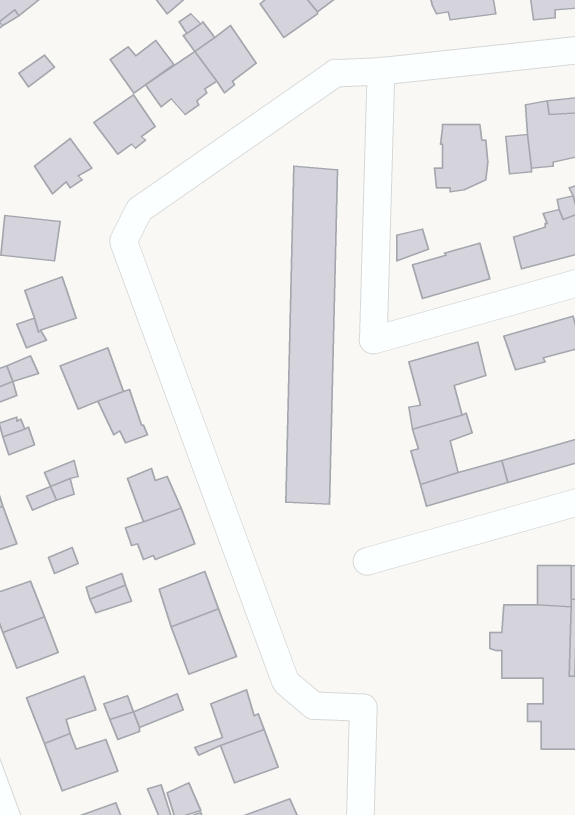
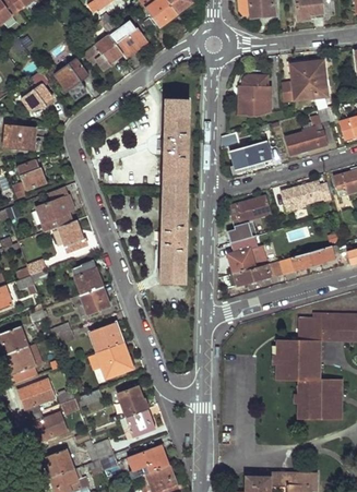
building: [110,40,174,93] -> none

